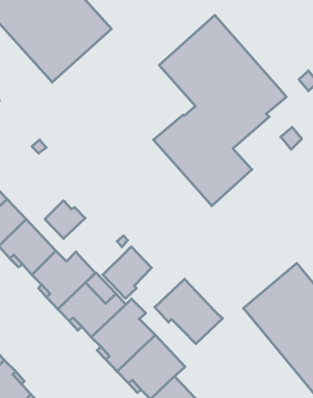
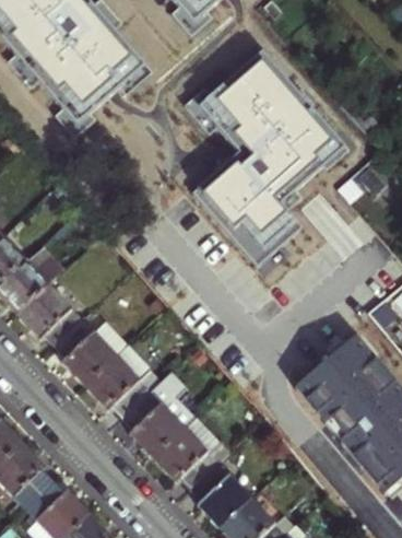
building: [45,201,85,239] -> none
building: [103,247,152,298] -> none
building: [155,279,223,344] -> none

